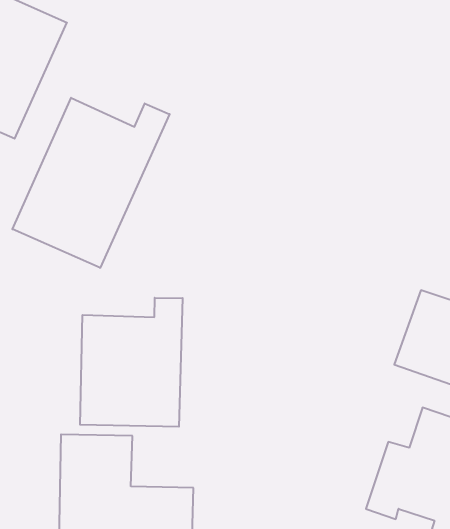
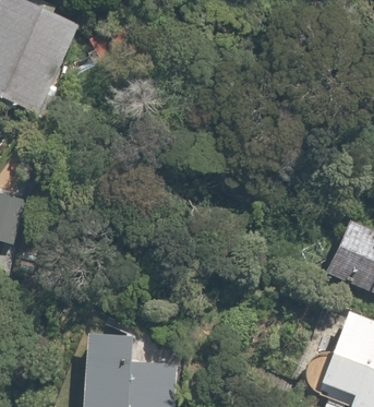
building: [12,98,170,268] -> none
building: [80,298,183,427] -> none

